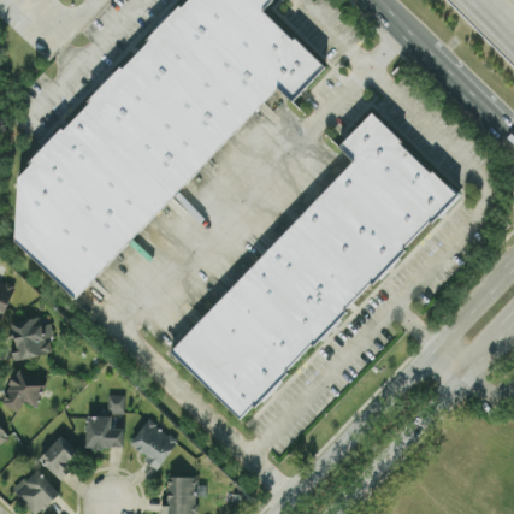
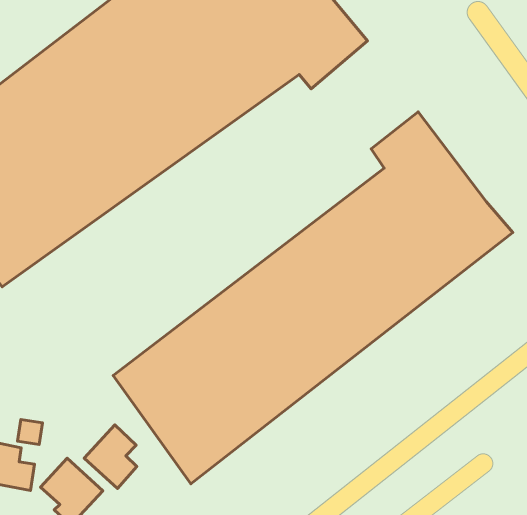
building: none -> [84,425,137,489]

